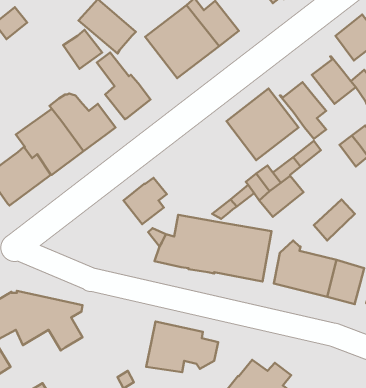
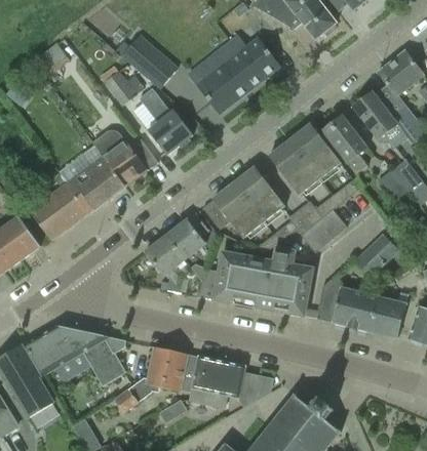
building: none -> [202,167,285,239]
building: none -> [145,236,185,283]
building: none -> [115,346,188,412]

